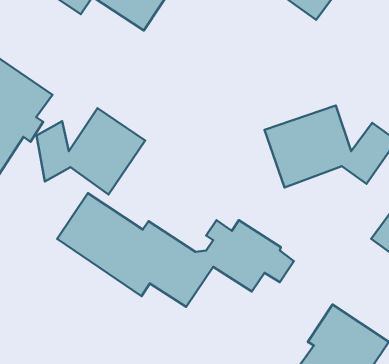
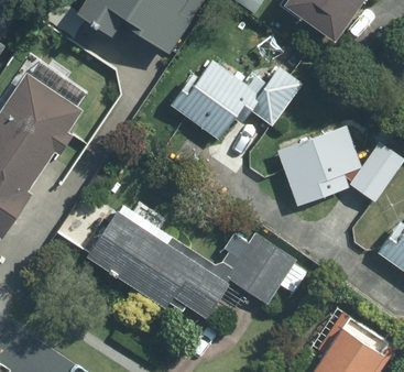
building: none -> [173,62,303,139]
building: [36,108,145,194] -> none

